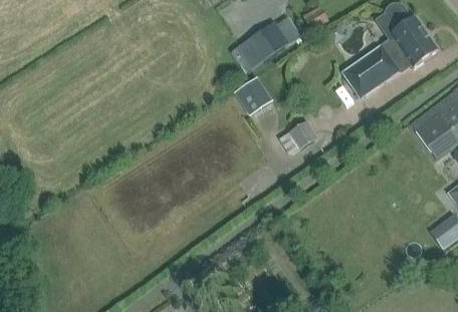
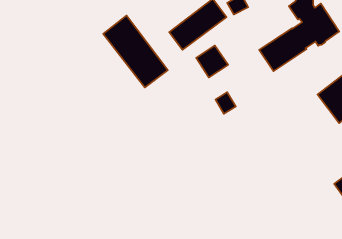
building: none -> [103,15,168,88]
building: [233,76,271,114] -> [196,45,228,77]

